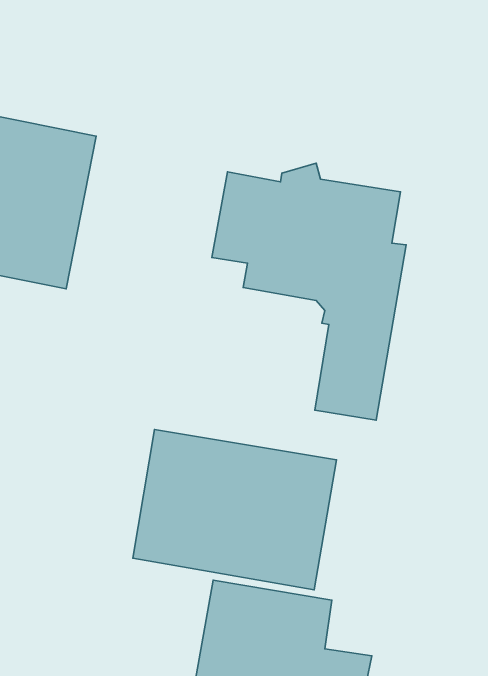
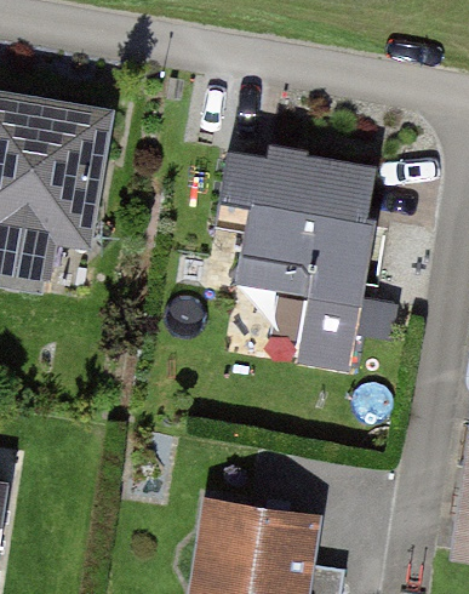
building: [133,430,336,590] -> none

